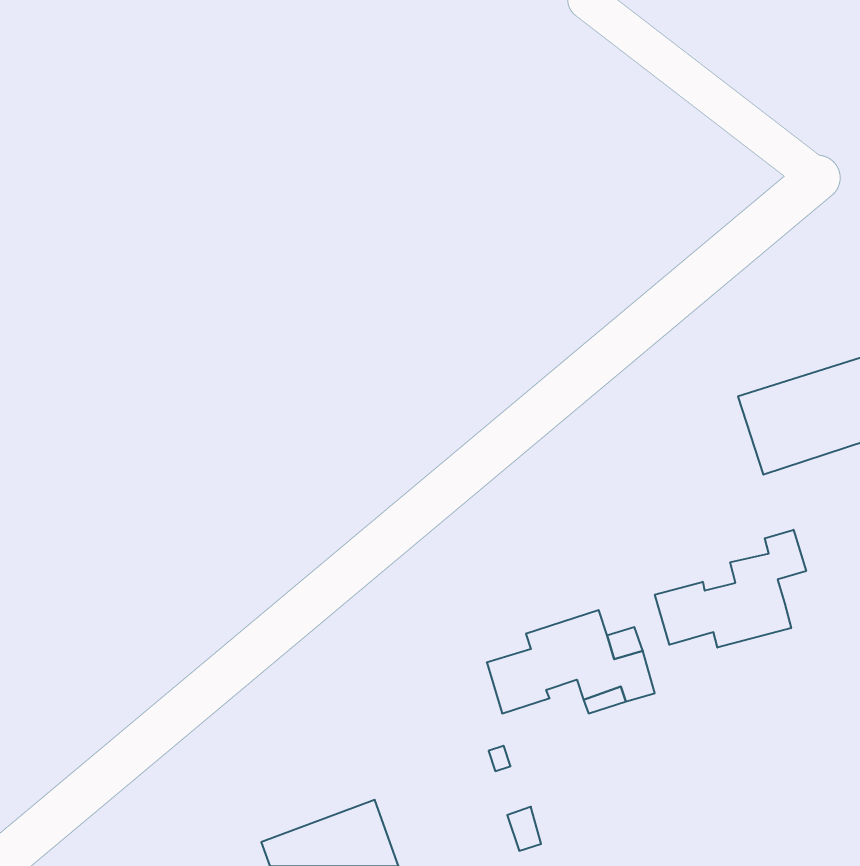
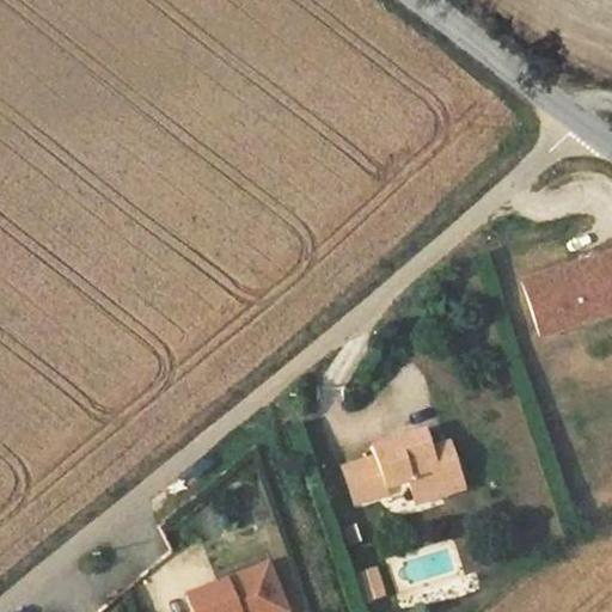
building: [655,530,806,648] -> none

